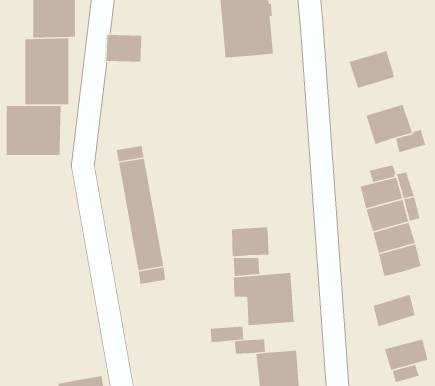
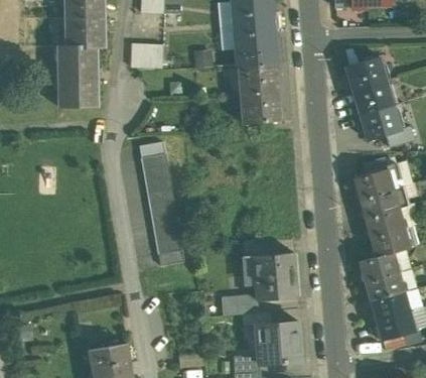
building: none -> [238,61,281,124]
building: none -> [351,82,392,115]
building: [6,105,62,156] -> none
building: [231,227,270,257] -> none
building: none -> [359,253,398,282]
building: none -> [370,291,409,321]

